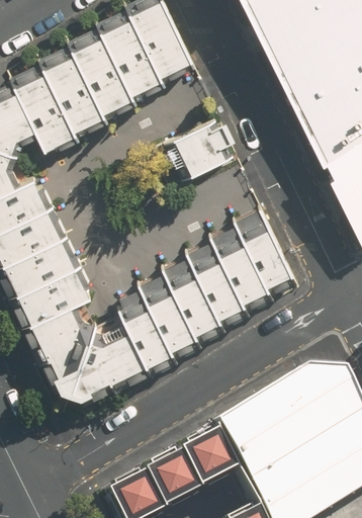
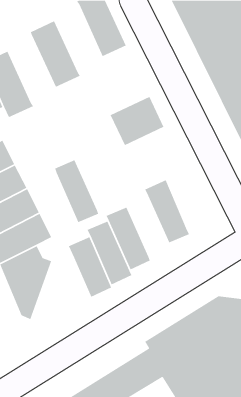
building: [98,9,161,92] -> none
building: [40,47,103,130] -> none
building: [235,206,291,286] -> none
building: [187,240,243,319] -> [54,159,99,223]
building: [71,321,145,401] -> none

